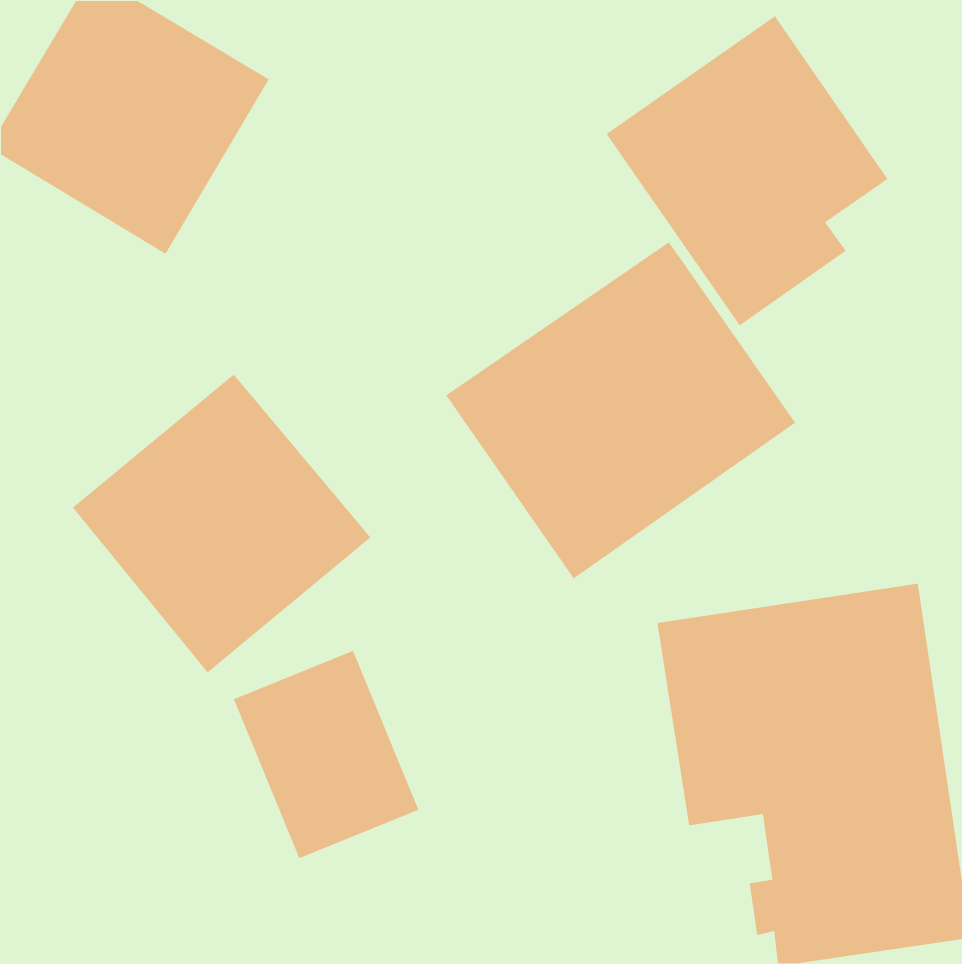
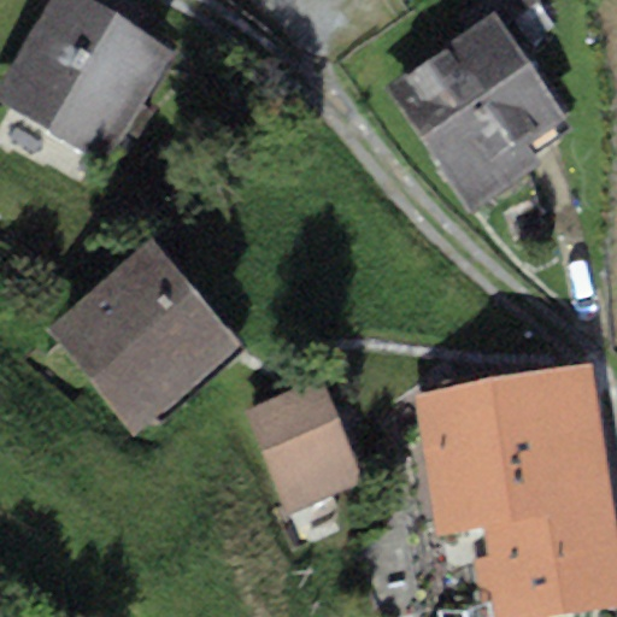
building: [445,241,796,579] -> none
building: [233,650,420,859] -> [245,378,364,512]

